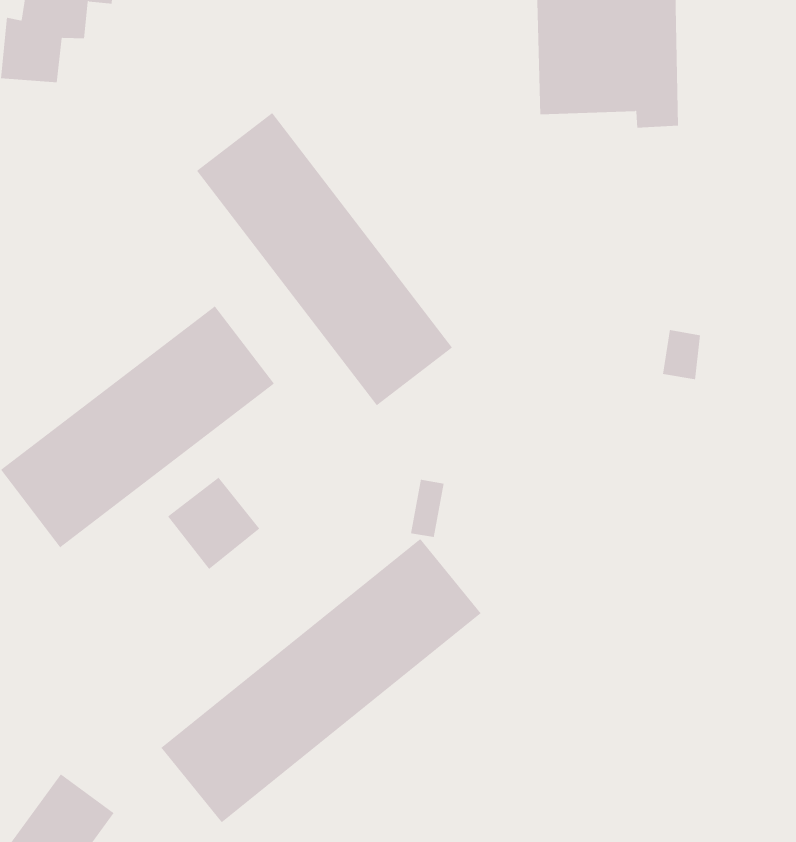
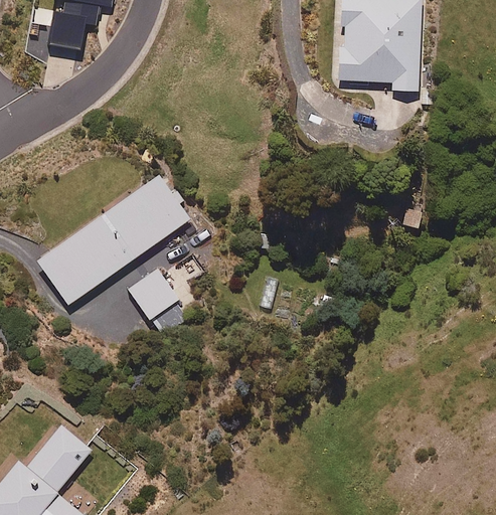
building: [196,112,453,406] -> none
building: [161,538,481,823] -> none

